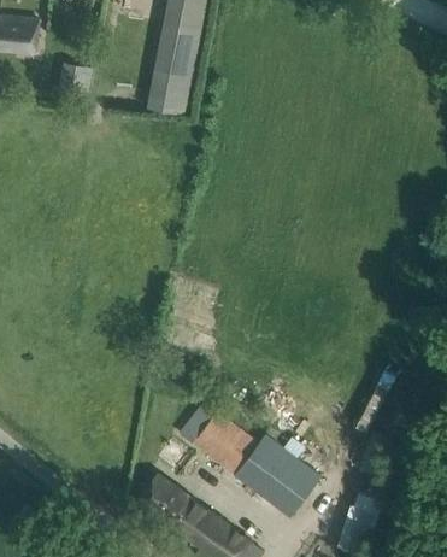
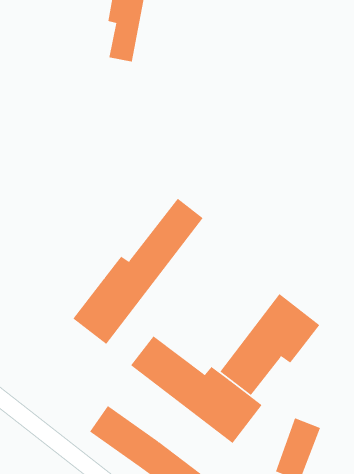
building: none -> [73,198,204,345]
building: none -> [219,293,320,396]

